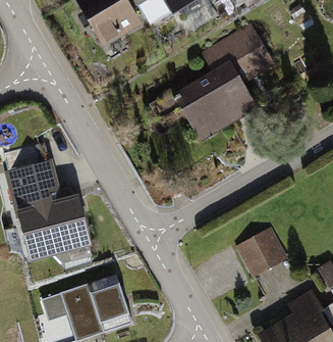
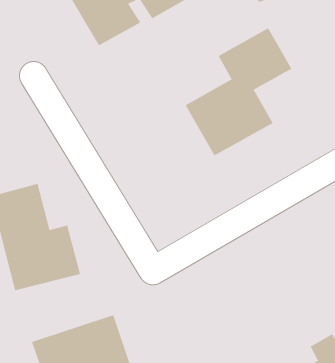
building: [231,227,284,279] -> none

